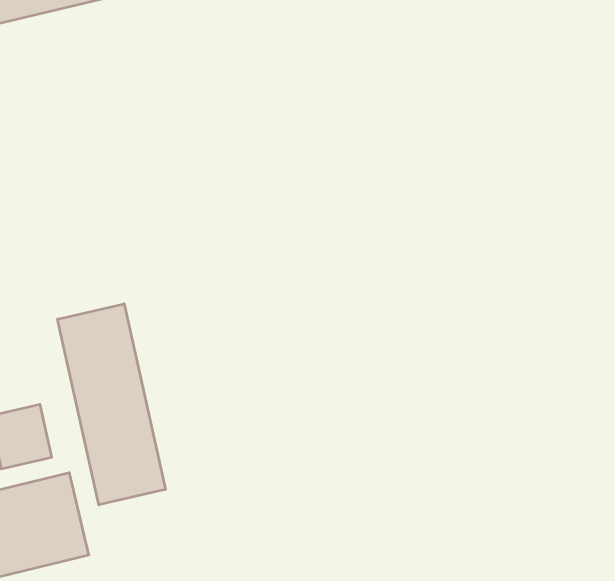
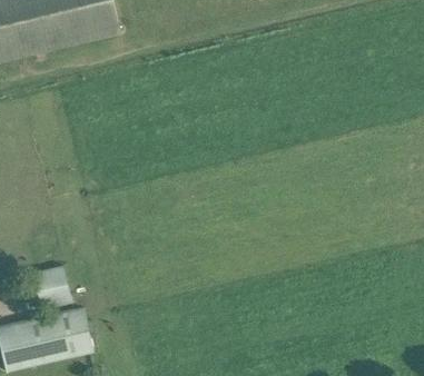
building: [58,304,165,505] -> none

